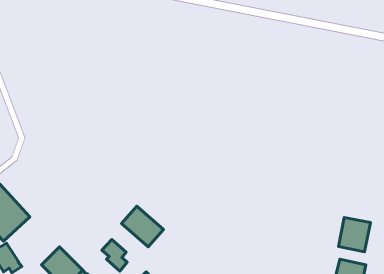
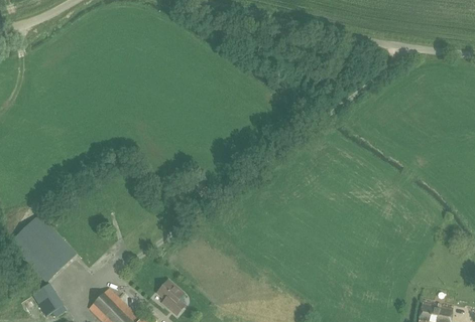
building: [121,206,163,247] -> none
building: [338,217,370,252] -> none

